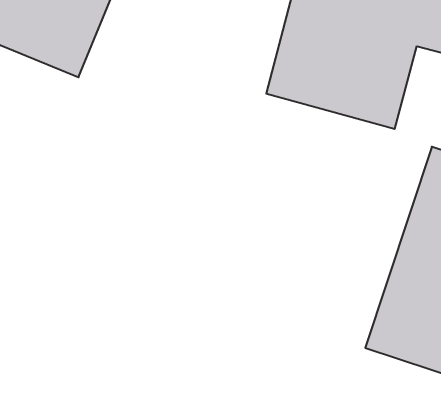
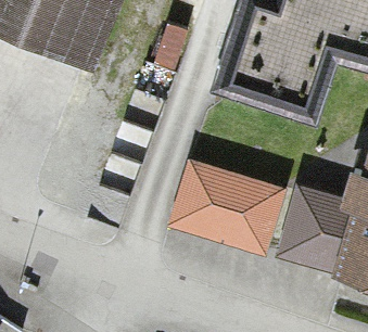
building: none -> [166,165,288,257]

